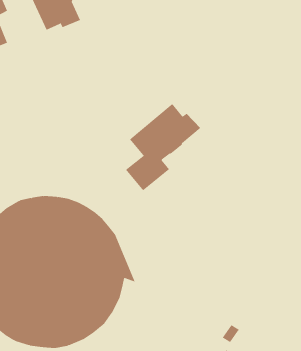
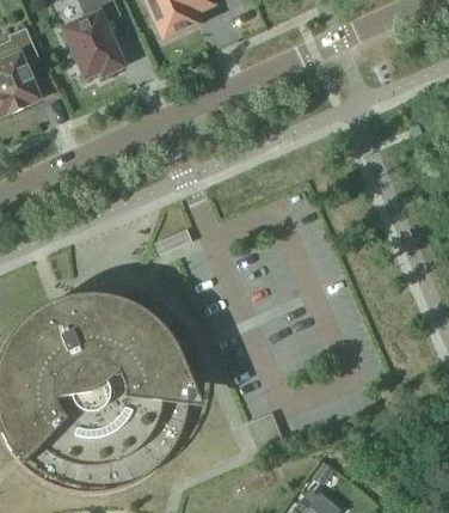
building: [125,103,201,191] -> none

